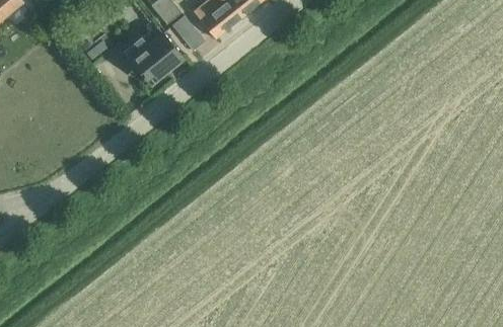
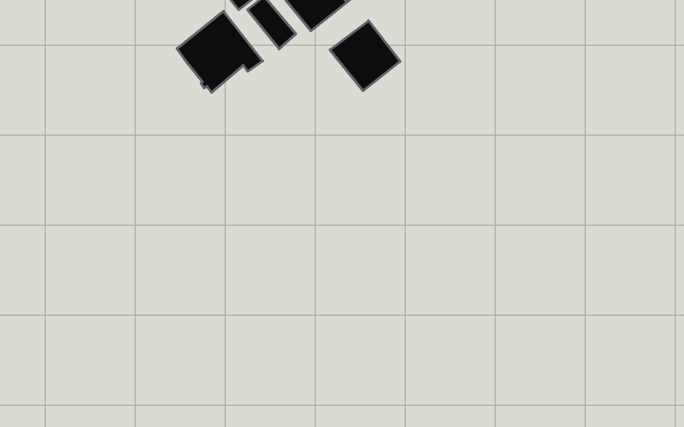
building: none -> [330,21,400,91]

